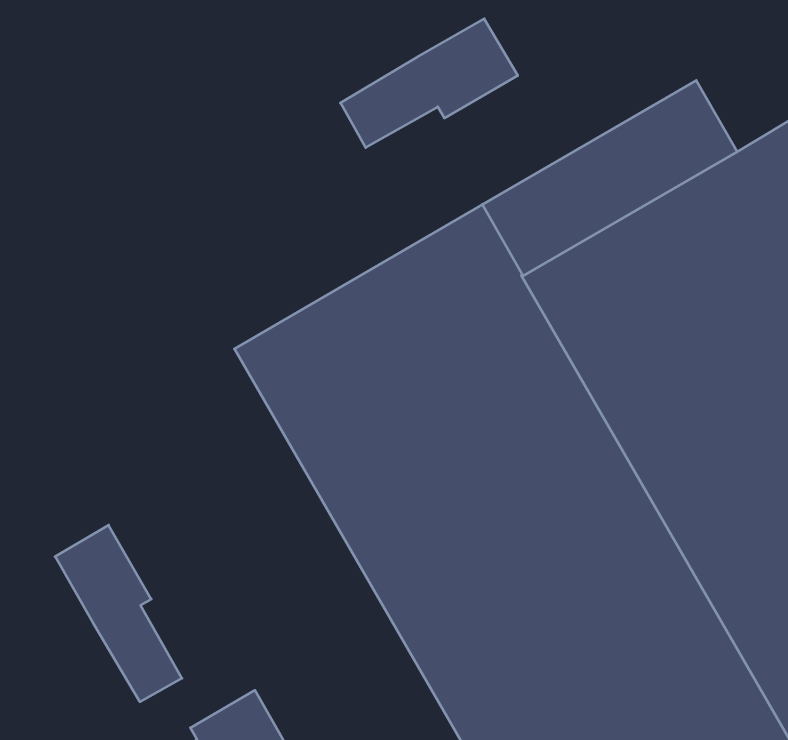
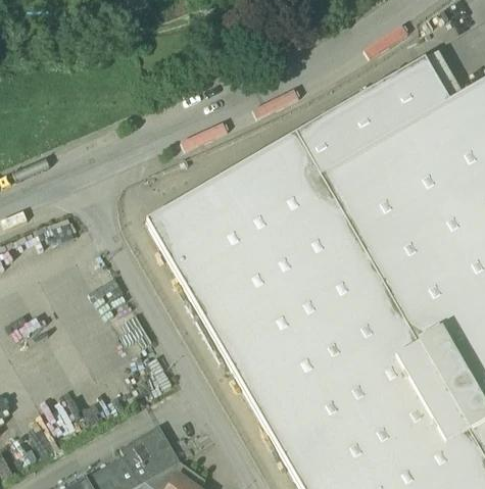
building: [340,19,518,148] -> none
building: [55,525,182,702] -> none

